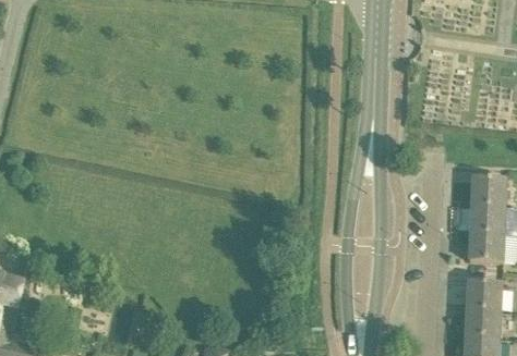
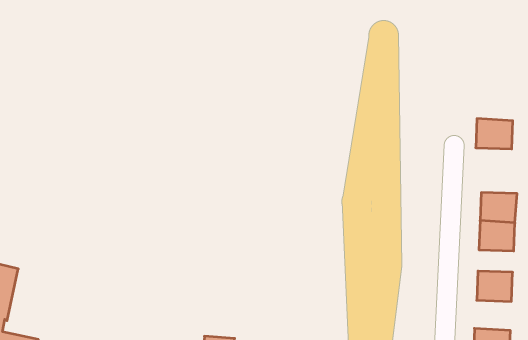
building: [471,177,507,207] -> [476,119,513,149]
building: [465,310,501,340] -> none

